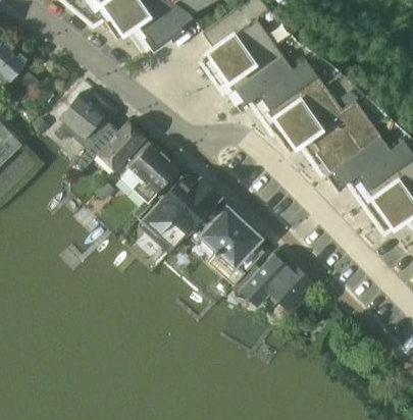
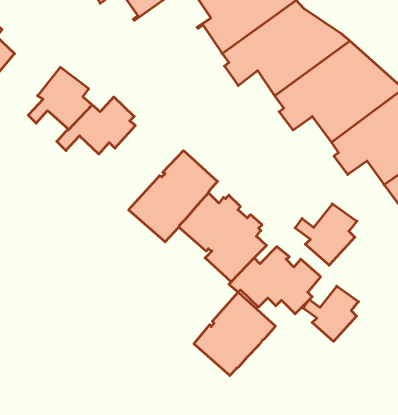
building: [105,142,178,203] -> none
building: none -> [295,204,357,265]
building: none -> [303,286,359,341]
building: none -> [194,292,275,376]

